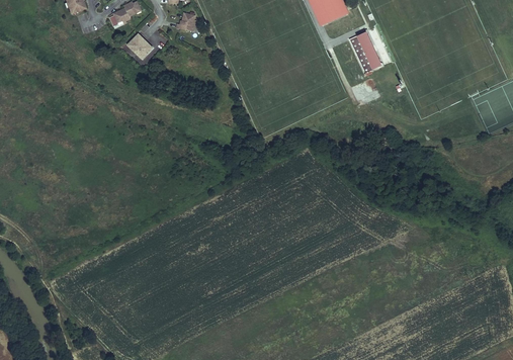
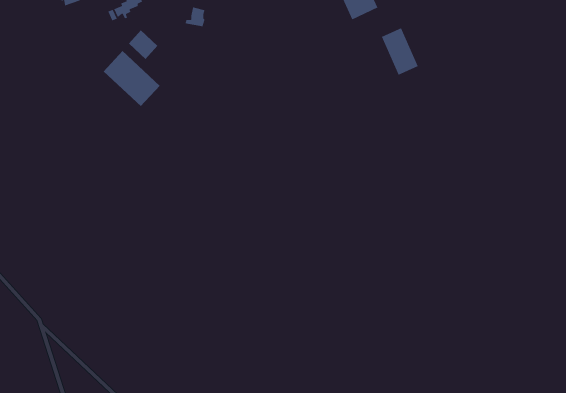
building: none -> [103,50,161,107]

